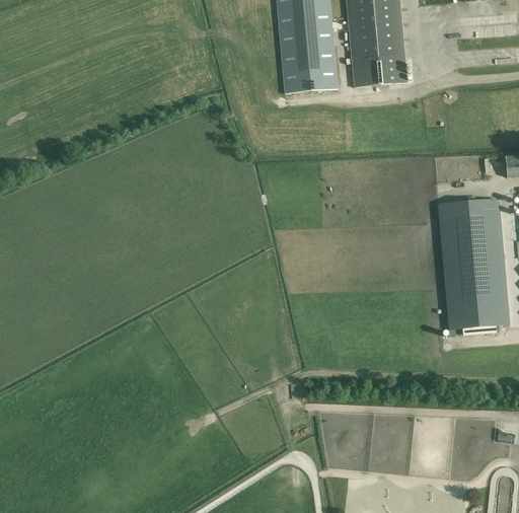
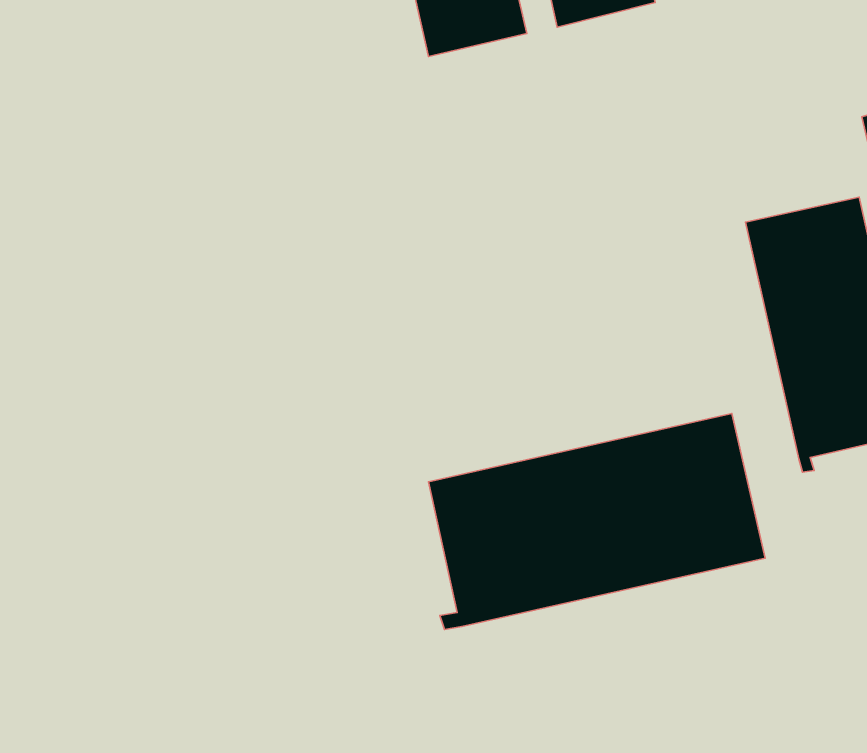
building: none -> [428,413,765,629]

